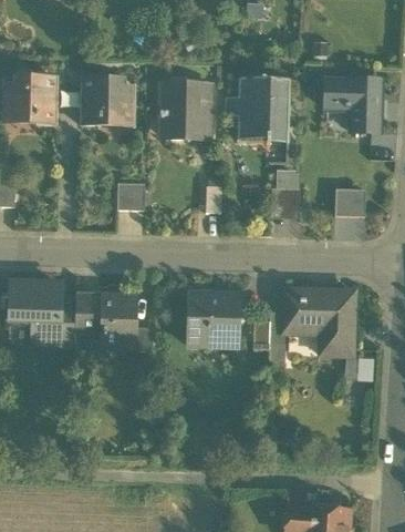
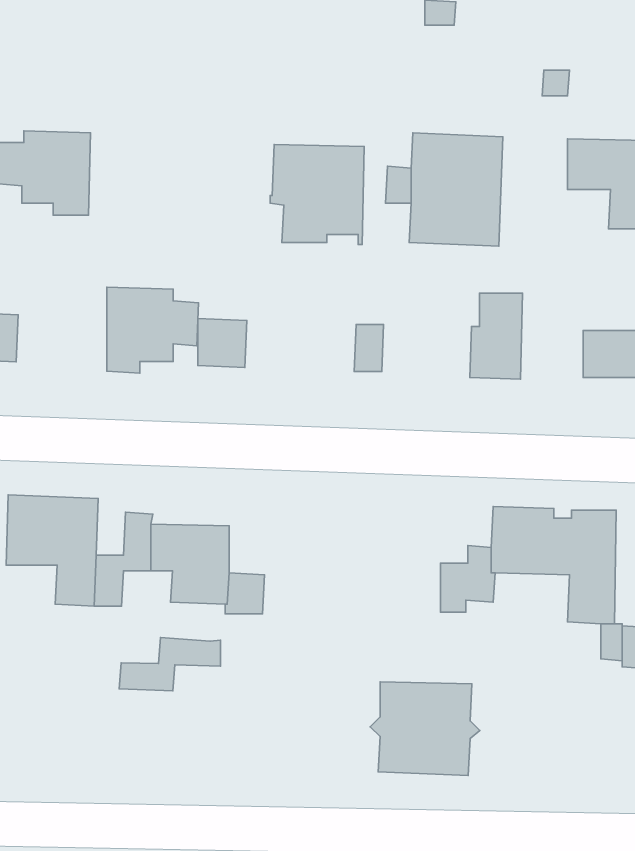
building: [82,78,134,126] -> [107,287,199,373]
building: [183,294,245,347] -> [370,682,480,776]
building: none -> [119,638,221,691]

